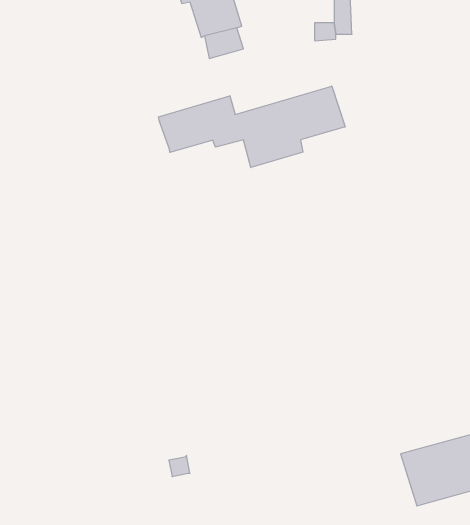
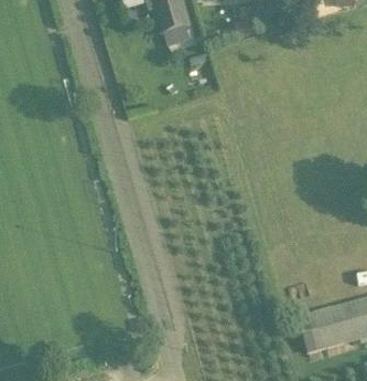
building: [158,86,345,168] -> none

